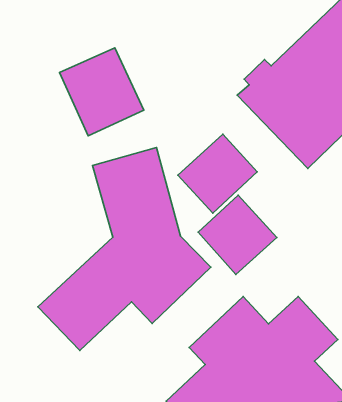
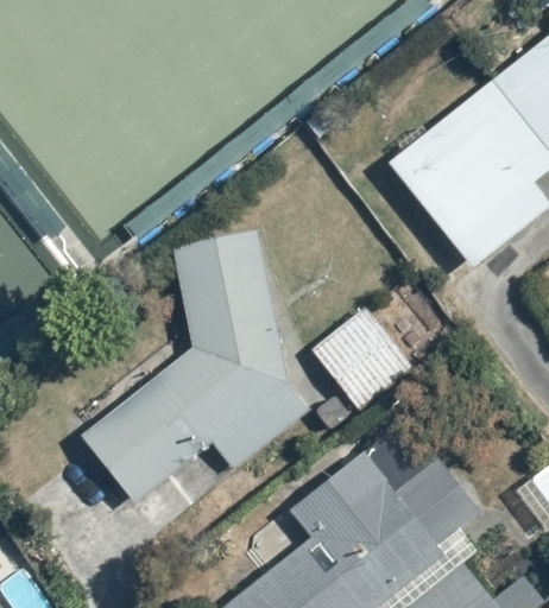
building: [59,48,144,136] -> none
building: [178,134,257,213] -> none

